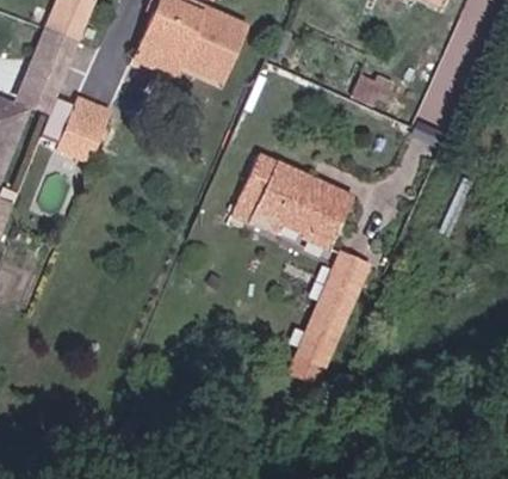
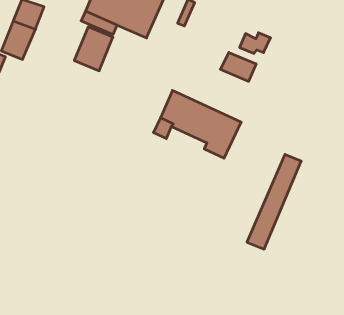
building: [55,99,109,160] -> [74,27,113,71]
building: none -> [220,52,256,81]
building: [291,252,366,383] -> [247,154,301,249]

